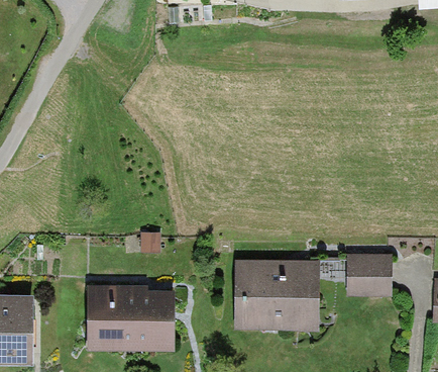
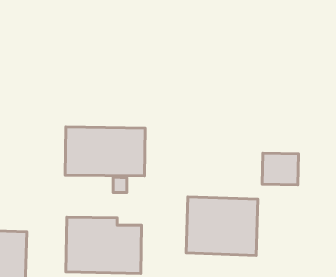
building: none -> [65,127,145,176]
building: [346,252,392,291] -> [262,153,299,185]

